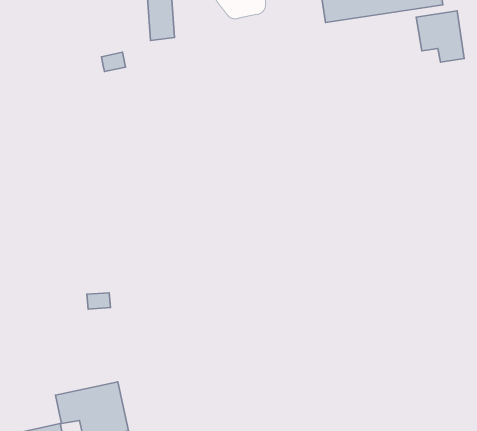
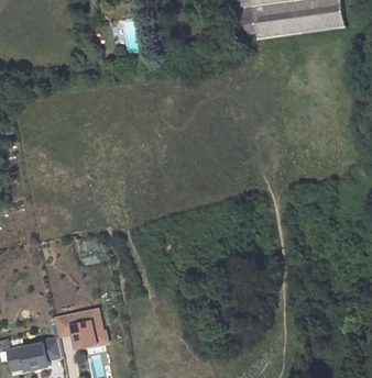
building: [416,11,464,62] -> none

